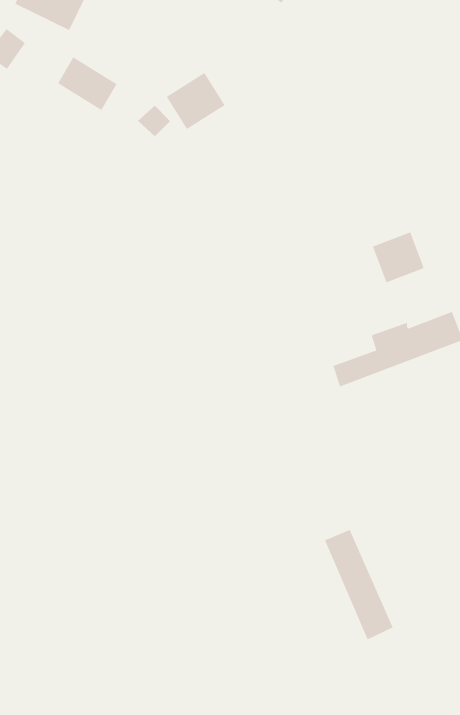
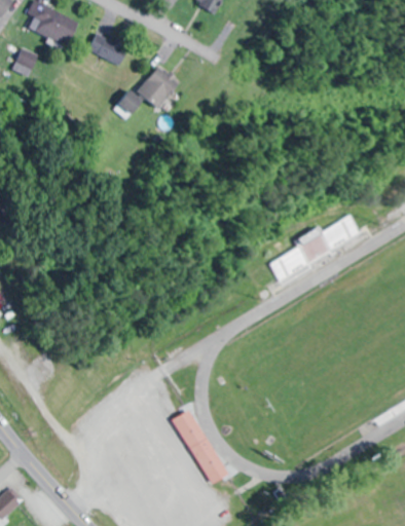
building: [57,57,118,111] -> [86,30,128,66]
building: [372,232,424,283] -> none
building: [324,529,393,640] -> [174,409,227,485]

